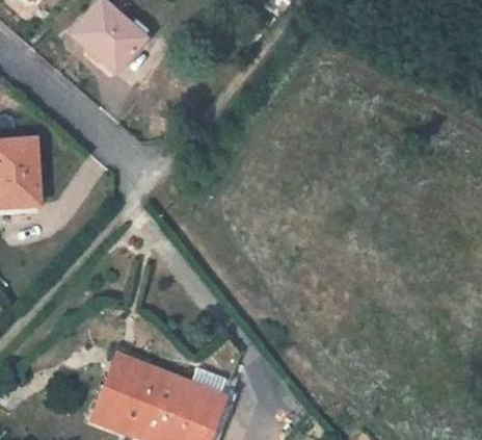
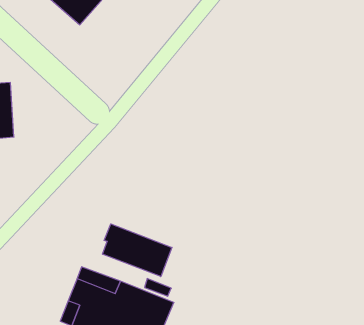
building: none -> [103,224,172,277]

